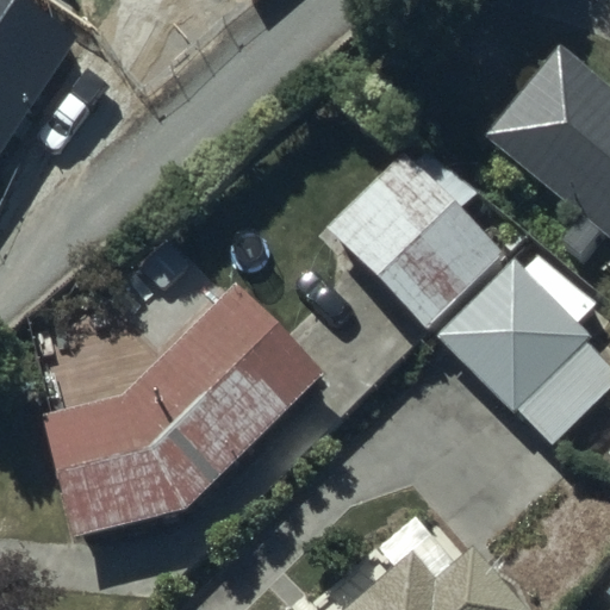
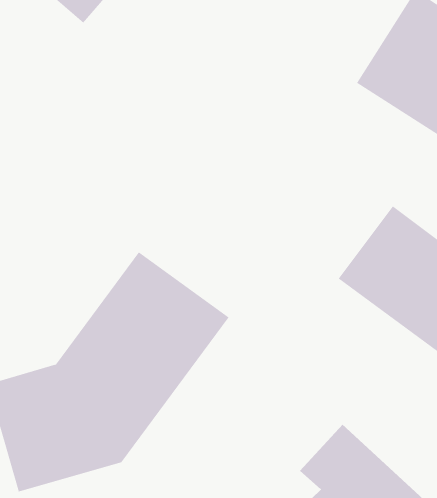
building: [324,141,508,328] -> none

